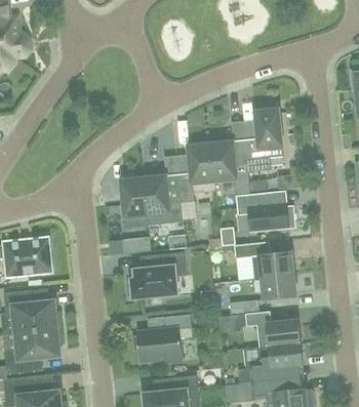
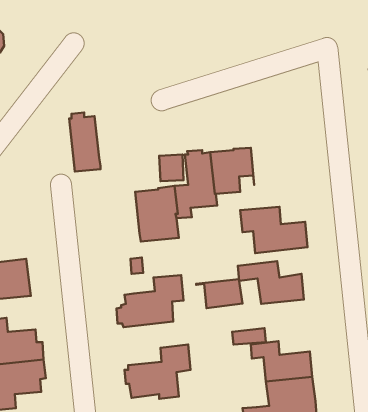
building: [245,107,281,172] -> none
building: [120,175,148,228] -> [69,113,100,172]
building: [254,274,295,299] -> [196,279,242,308]

